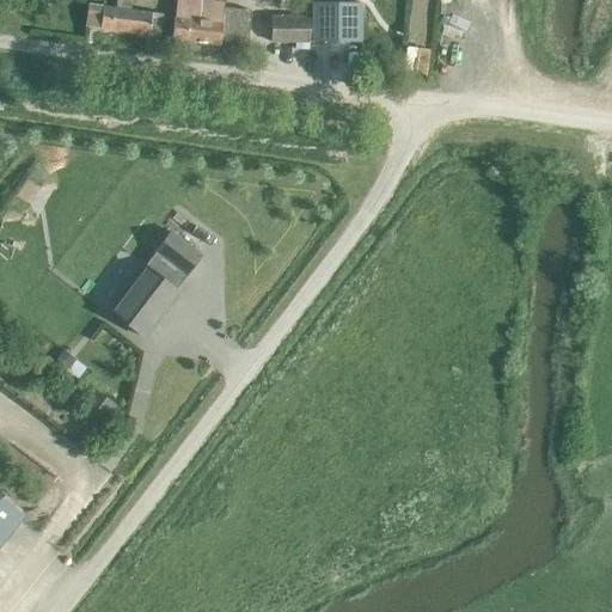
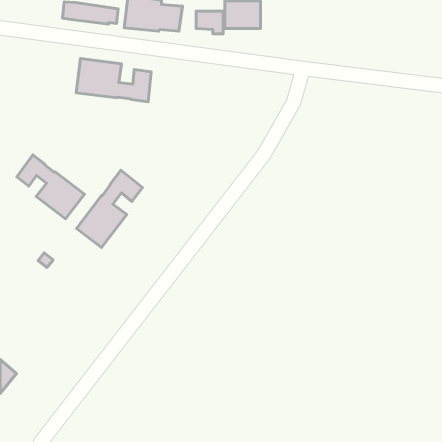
building: none -> [76,59,151,102]
building: none -> [17,155,84,219]

